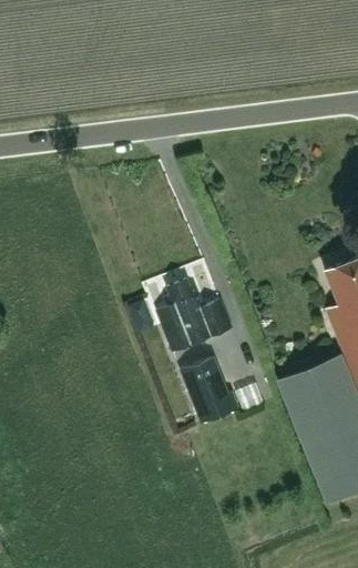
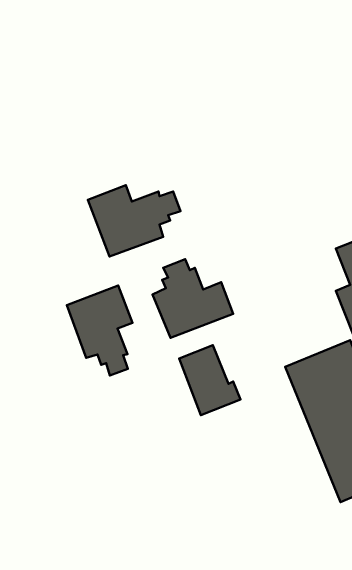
building: none -> [88,185,181,256]
building: none -> [67,286,132,375]

